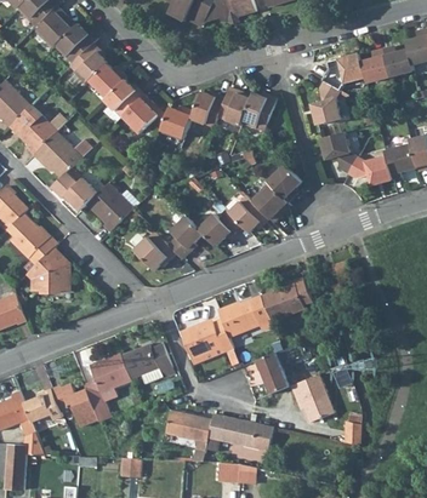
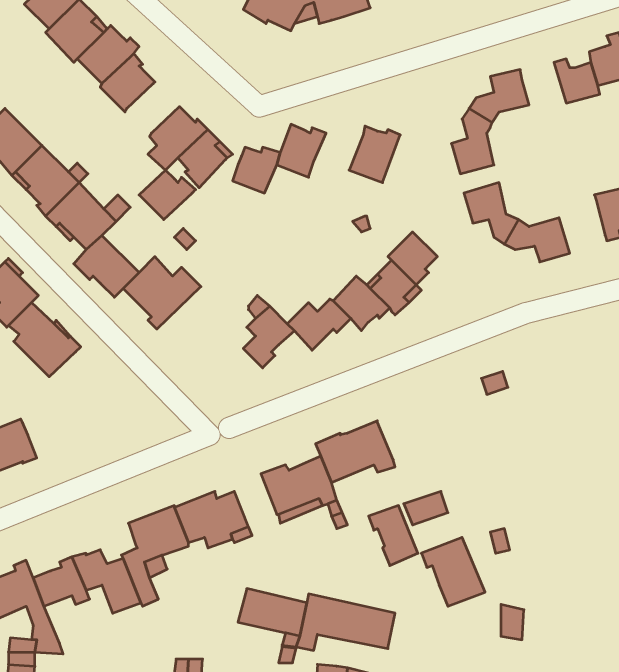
building: [359,48,389,82] -> none
building: [87,63,126,97] -> [139,170,196,220]
building: [216,87,250,125] -> none
building: [383,143,416,179] -> none
building: [133,236,175,269] -> none
building: [25,247,68,292] -> none
building: [260,276,311,321] -> none

